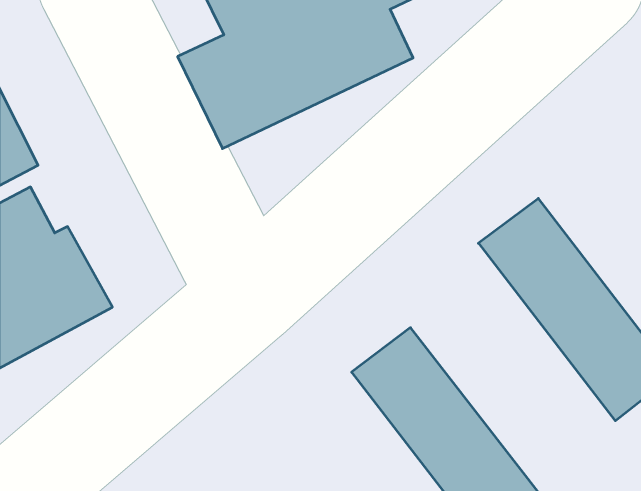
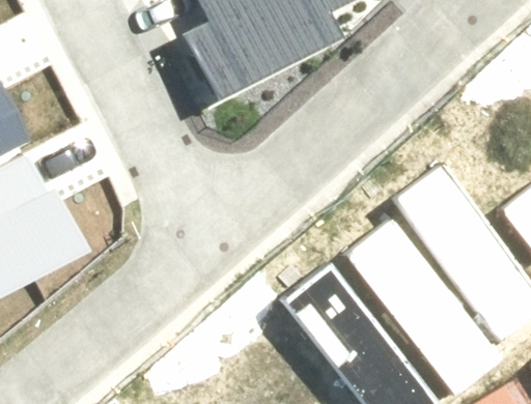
building: none -> [338,211,497,392]

